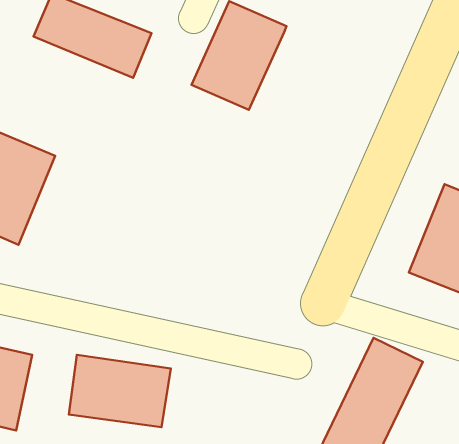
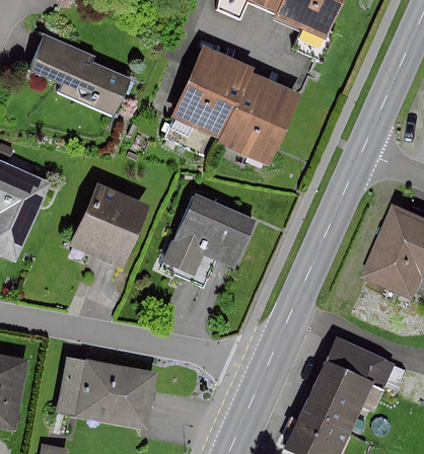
building: none -> [220,72,304,168]
building: none -> [70,180,150,262]
building: none -> [166,196,258,277]

